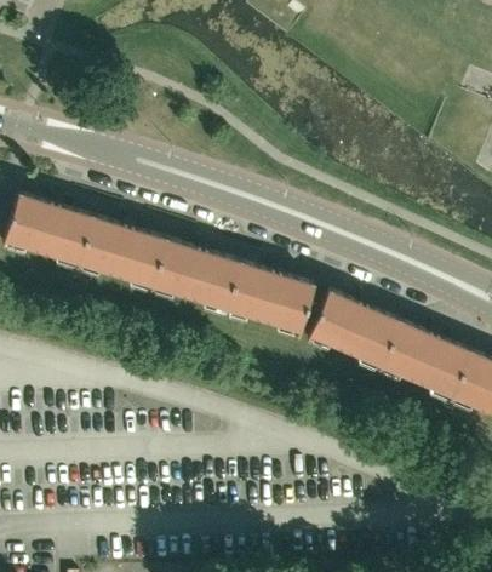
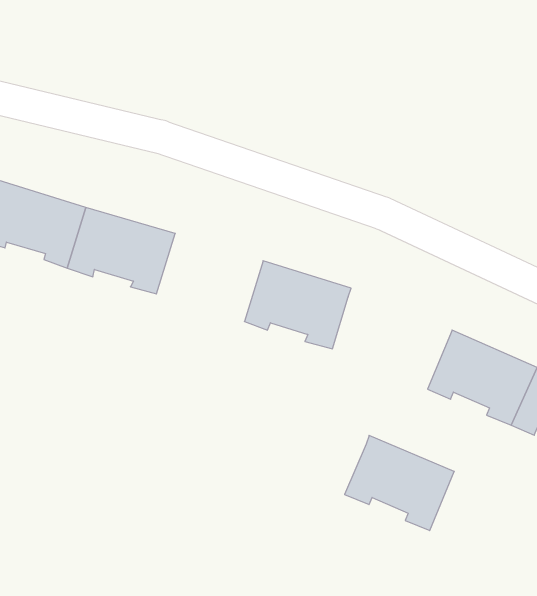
building: [153,240,242,314] -> none
building: [309,291,401,371] -> [345,435,454,531]

